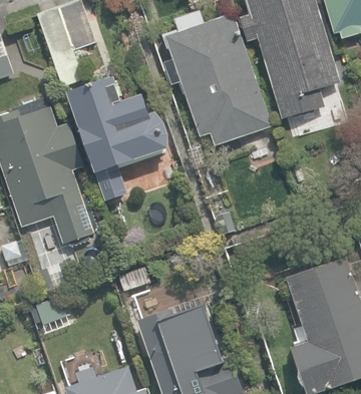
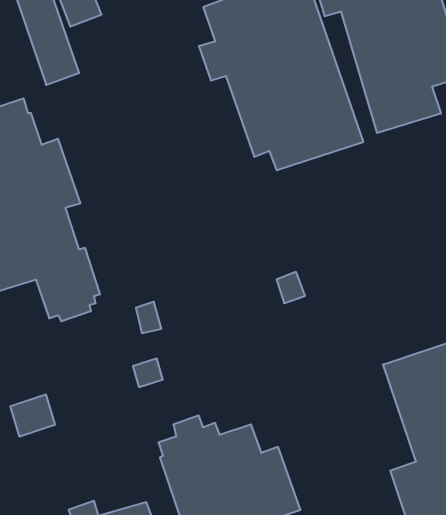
building: [67,77,168,203] -> none

